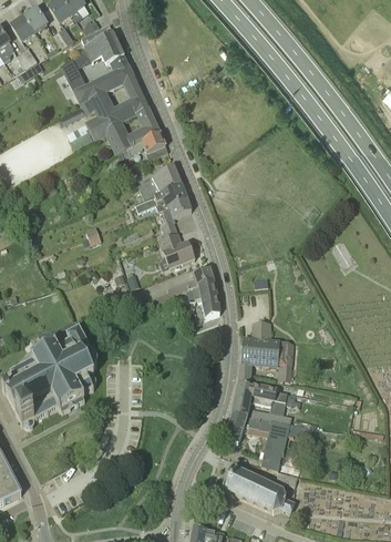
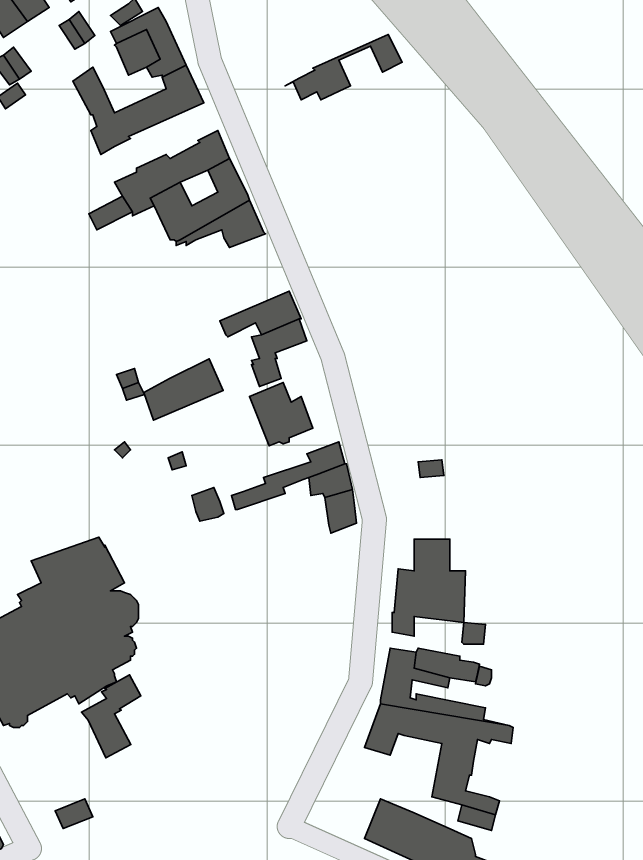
building: [76,78,142,114] -> [285,34,402,100]
building: [137,165,182,200] -> [144,359,223,420]
building: none -> [82,675,141,758]

